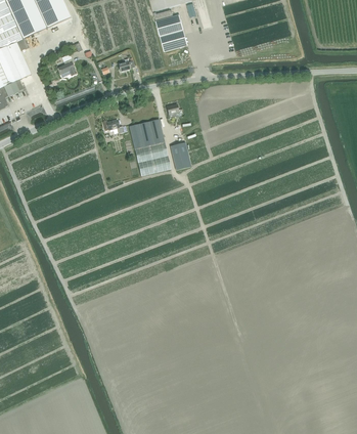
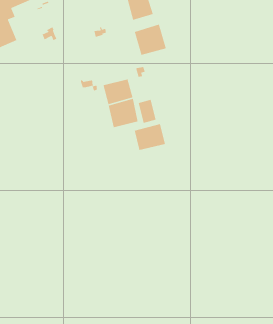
building: none -> [134,24,167,56]
building: none -> [134,123,166,151]

